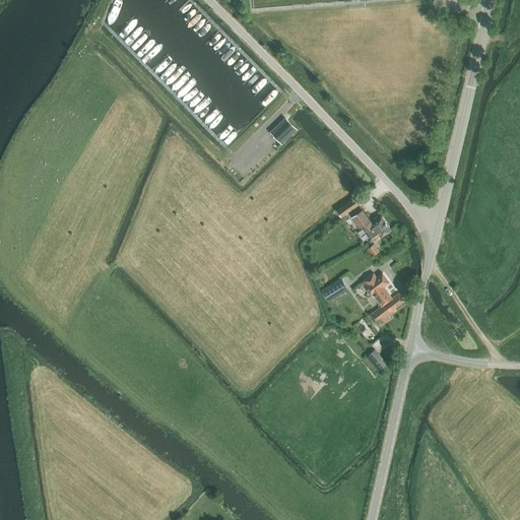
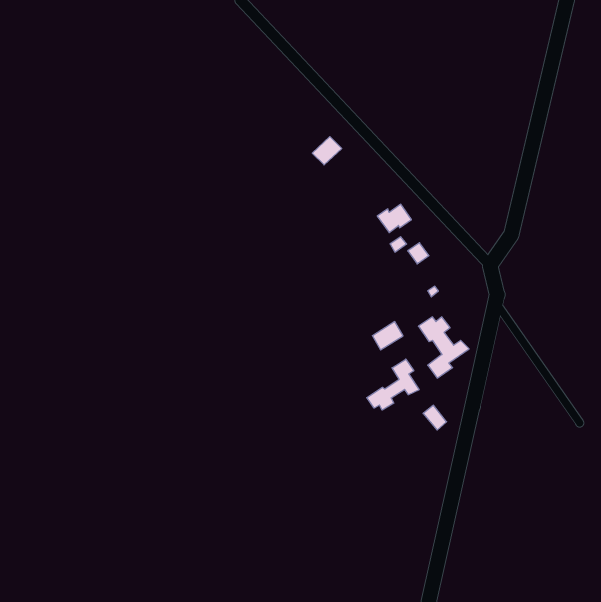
building: [361,216,390,241] -> [377,204,411,233]
building: none -> [367,359,419,410]

